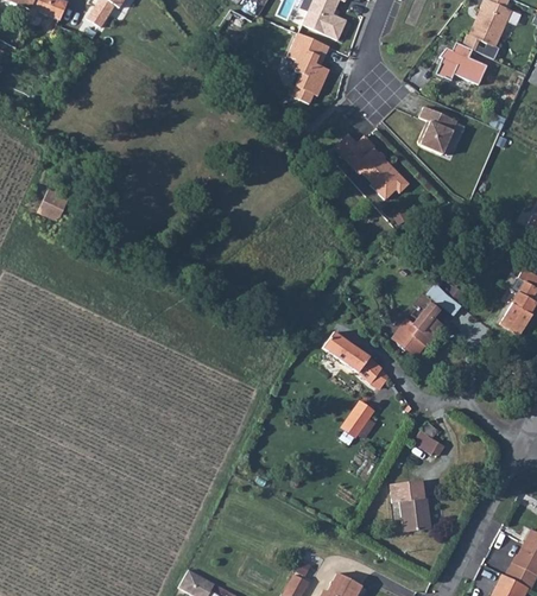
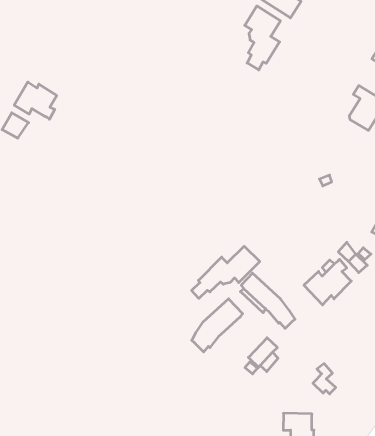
building: [334,133,409,199] -> none
building: none -> [14,82,57,119]
building: none -> [192,246,260,298]
building: none -> [192,299,243,352]

